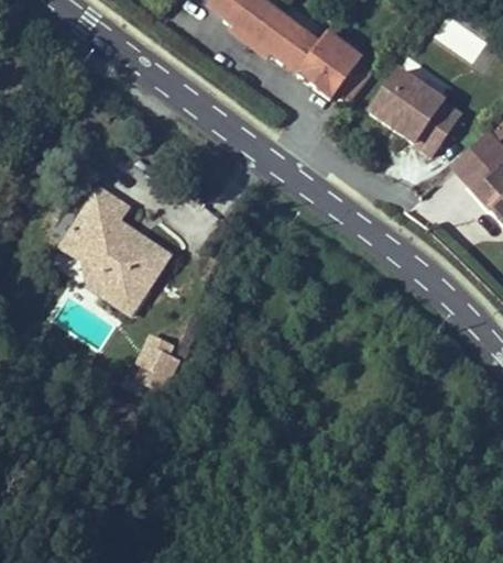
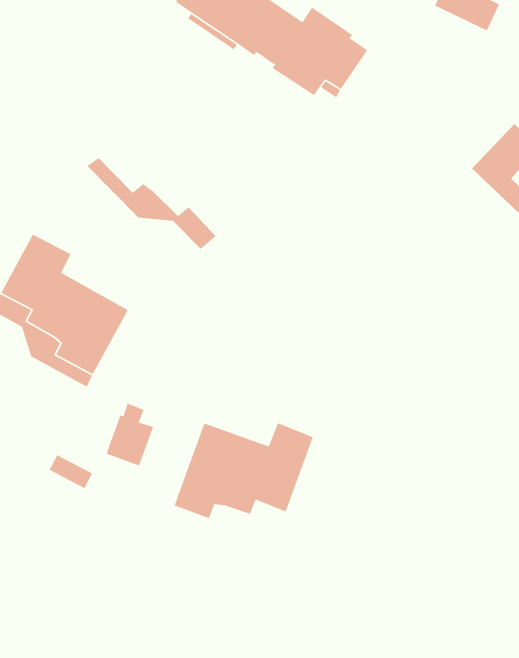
building: [369,73,458,159] -> none
building: none -> [86,157,216,250]
building: none -> [174,422,314,519]

